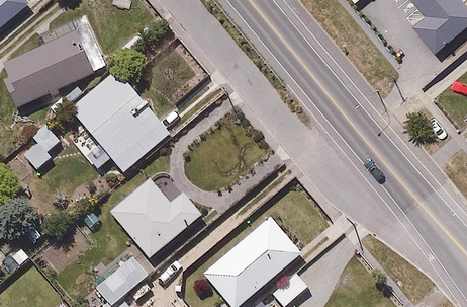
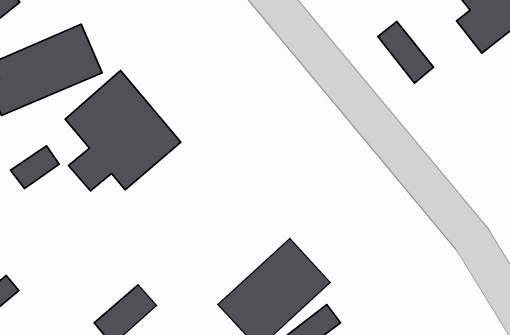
building: none -> [378,22,433,83]
building: [111,179,204,259] -> none

